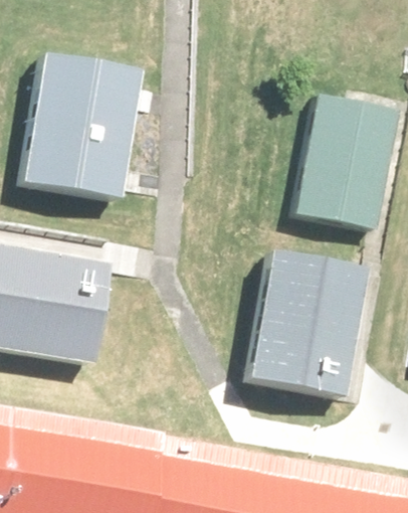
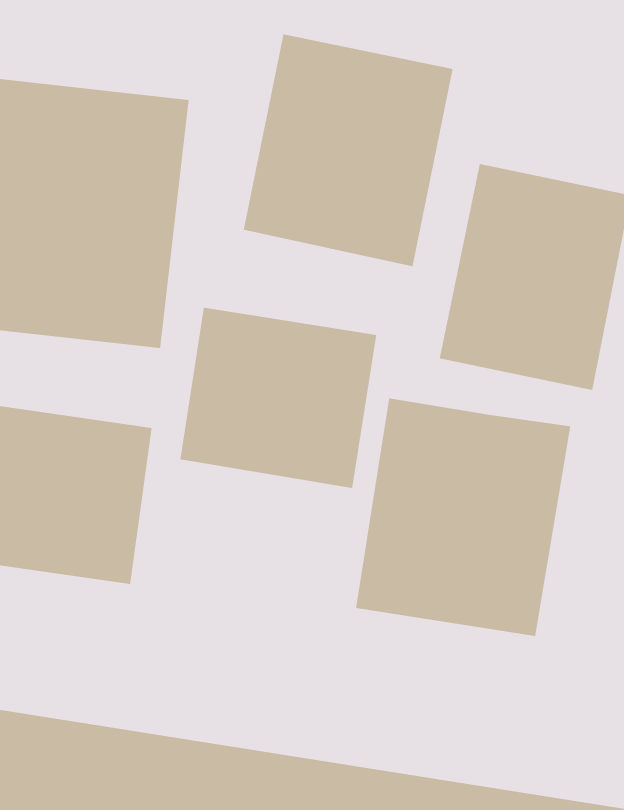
building: none -> [243,33,454,267]
building: none -> [179,307,377,489]

